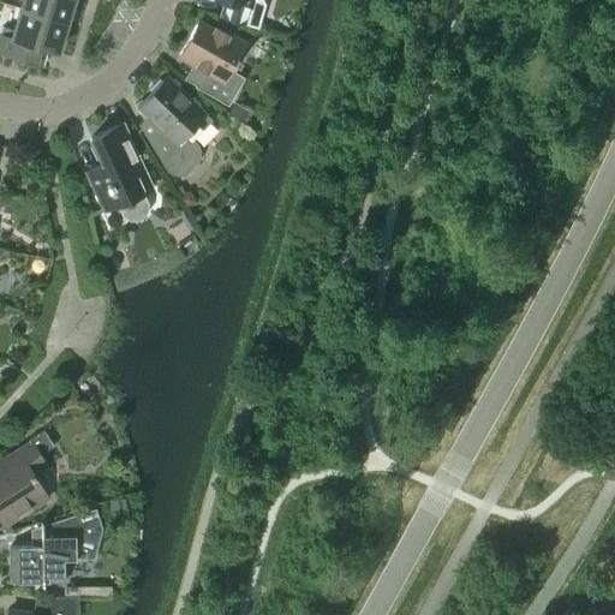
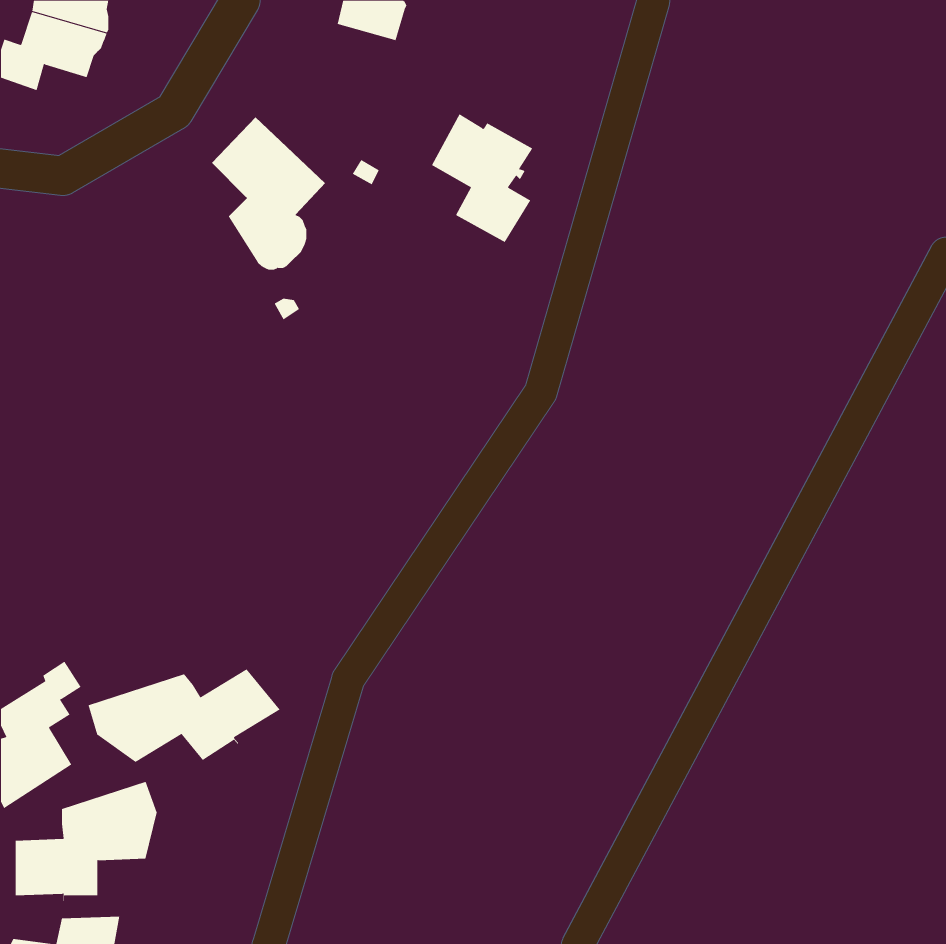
building: [179,22,245,106] -> [431,113,533,243]
building: [85,124,151,219] -> none
building: none -> [88,669,281,763]

